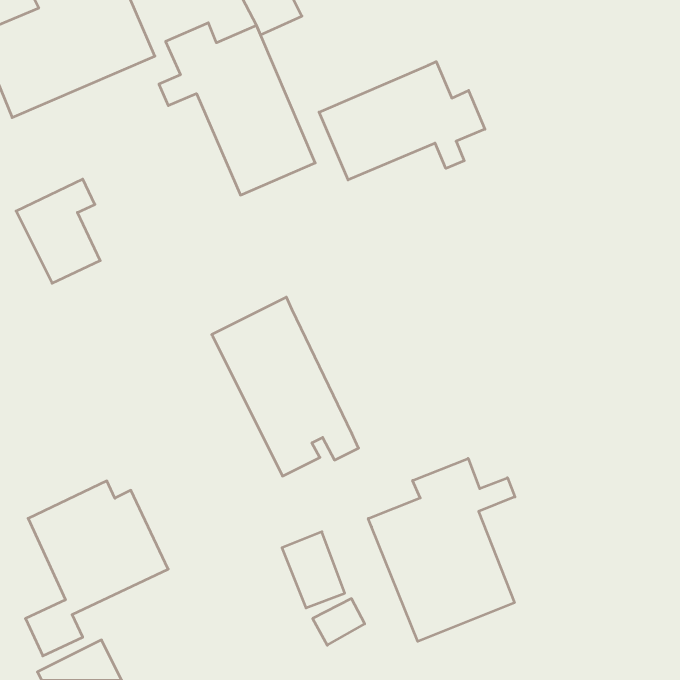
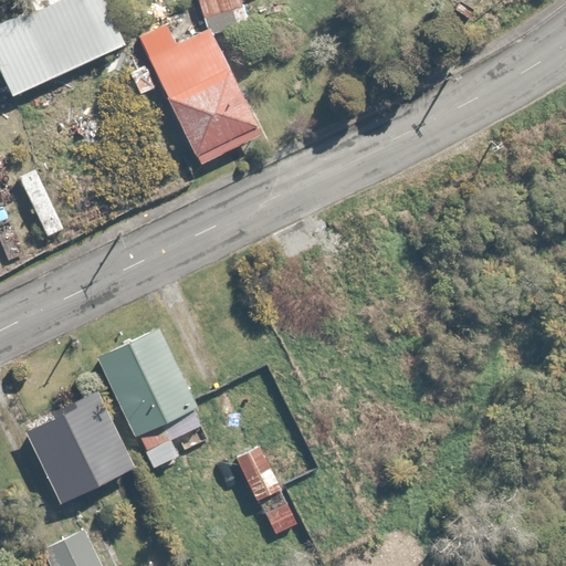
building: [319,62,485,180] -> none
building: [212,297,359,476] -> [92,322,213,470]
building: [368,458,515,641] -> none

